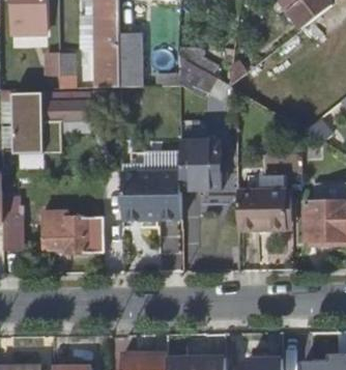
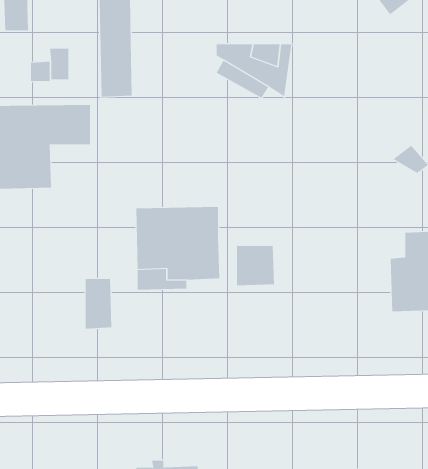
building: [117,33,141,86] -> none
building: [179,140,222,189] -> none
building: [237,190,287,230] -> none
building: [40,214,84,254] -> none

